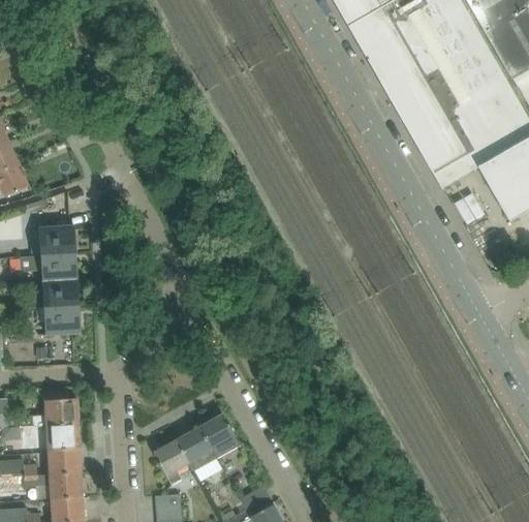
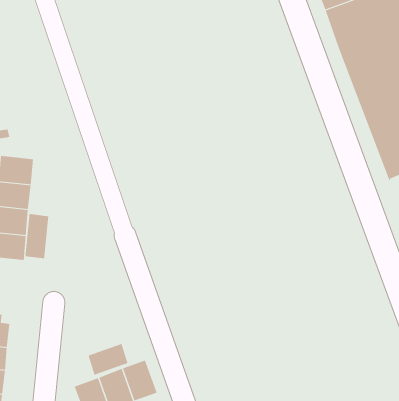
building: none -> [25,213,49,259]
building: none -> [88,343,128,376]

